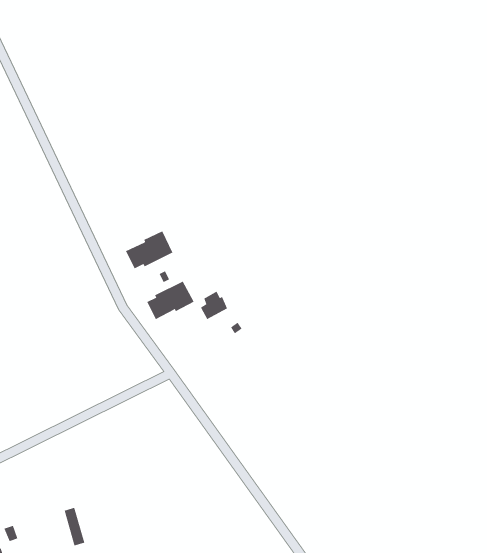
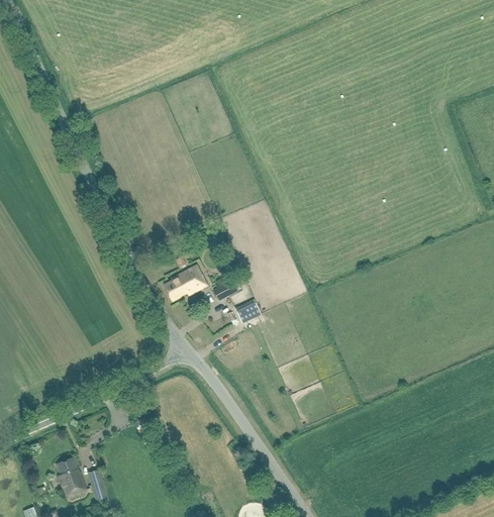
building: [125,230,173,269] -> none
building: none -> [57,458,86,497]

